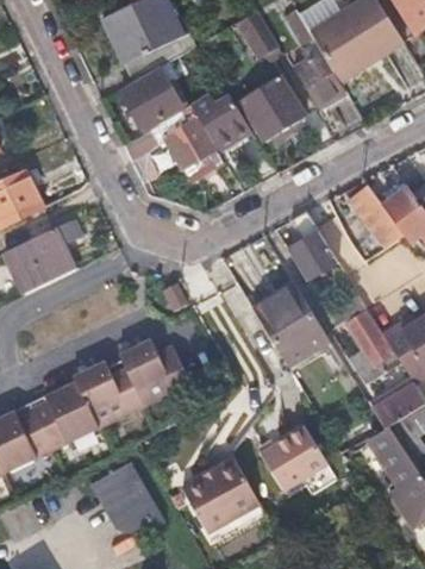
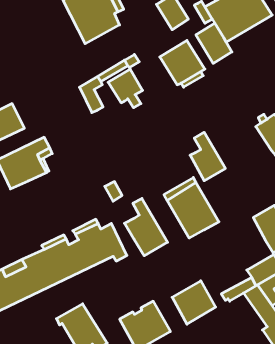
building: [121,70,182,131] -> none
building: [206,105,254,148] -> none
building: [350,186,404,250] -> none
building: none -> [124,198,168,256]
building: [345,317,395,387] -> none

